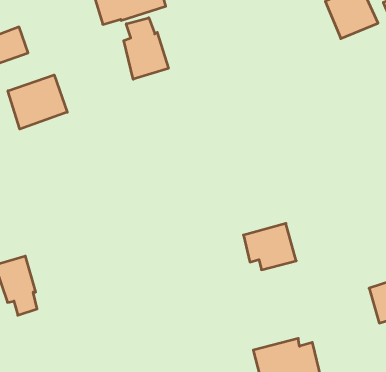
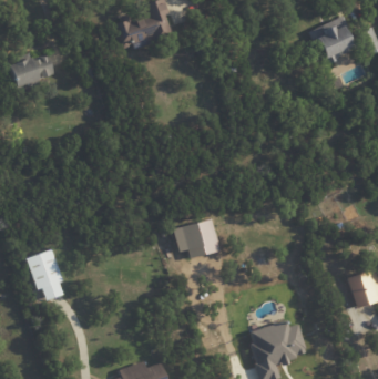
building: [124,18,168,79] -> none
building: [8,75,67,129] -> none
building: [243,223,296,270] -> [174,218,219,258]

